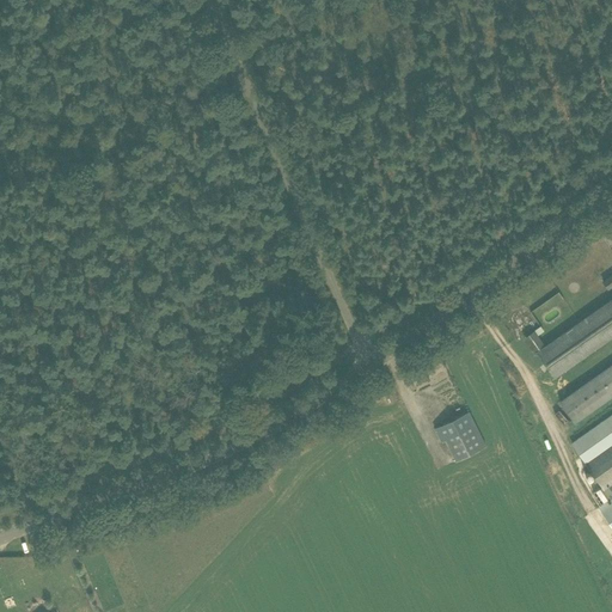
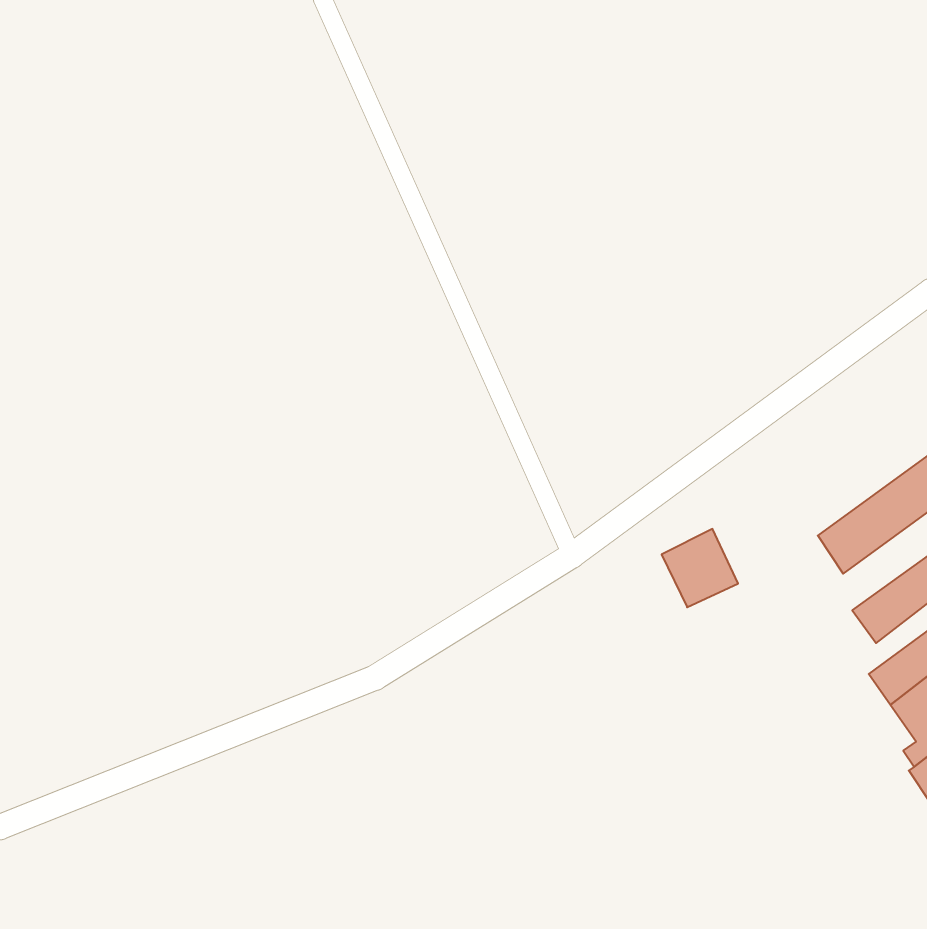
building: [437,410,488,461] -> [662,529,738,607]

